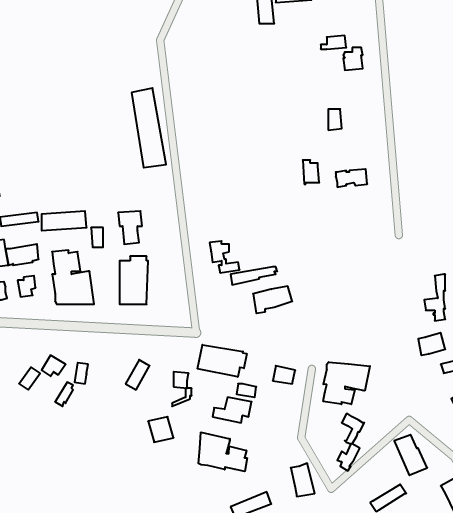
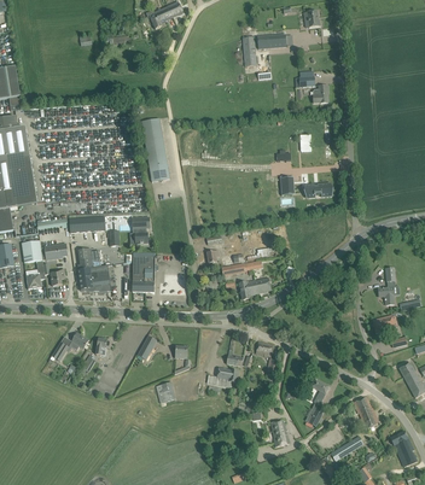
building: [198,345,247,377] -> none
building: [323,362,370,404] -> none
building: [198,432,247,471] -> none

